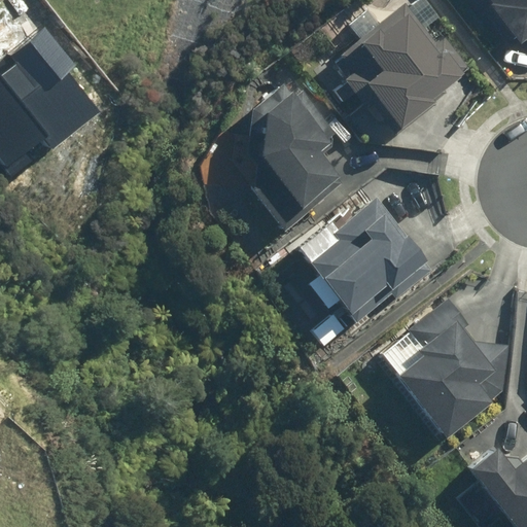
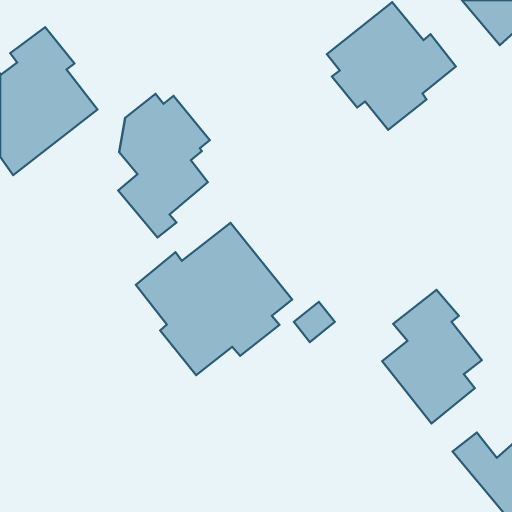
building: [245,84,339,232] -> [118,94,210,238]
building: [305,197,423,312] -> none
building: none -> [136,223,292,375]

